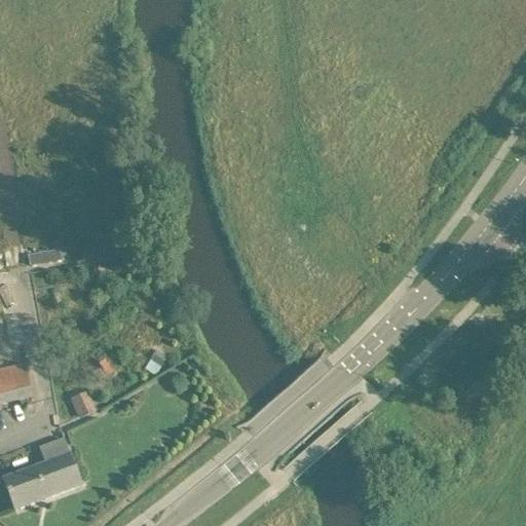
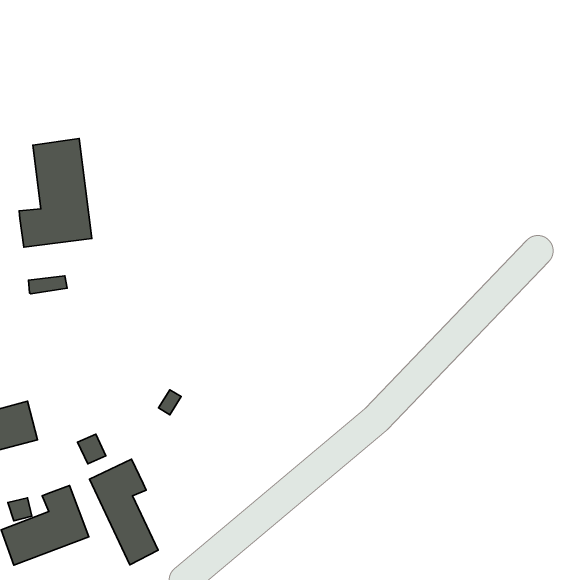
building: none -> [19,138,92,247]
building: none -> [89,459,158,565]

